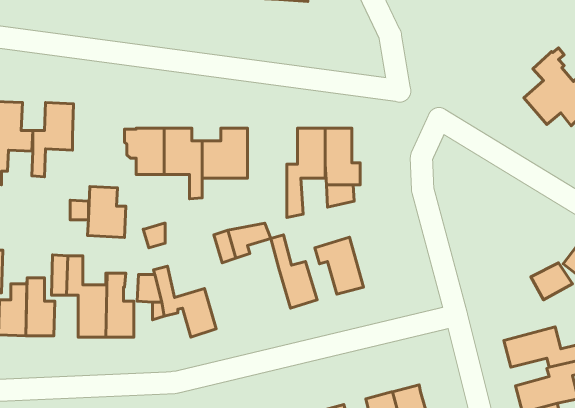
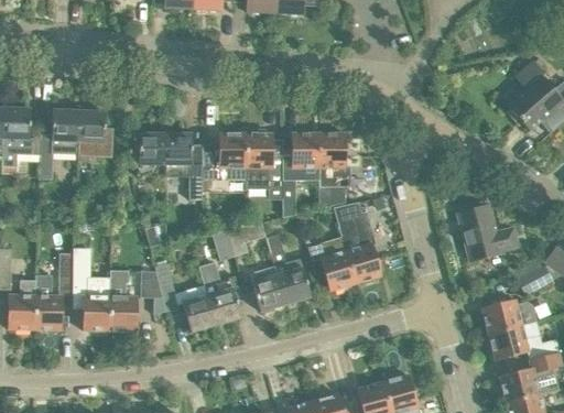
building: none -> [245,130,282,199]
building: [87,187,126,238] -> [77,109,113,157]
building: none -> [334,200,380,283]
building: none -> [456,205,517,260]
building: none -> [198,261,241,323]
building: none -> [249,265,285,311]
building: none -> [481,296,536,334]

